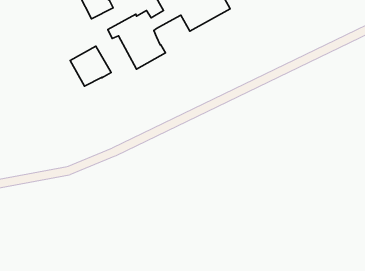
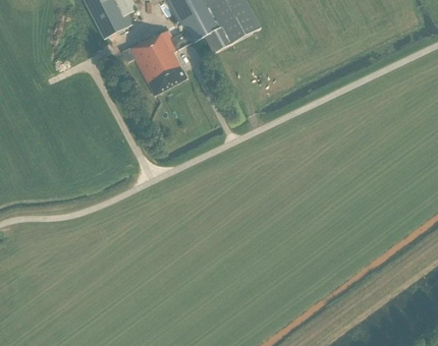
building: [70,46,111,86] -> none

